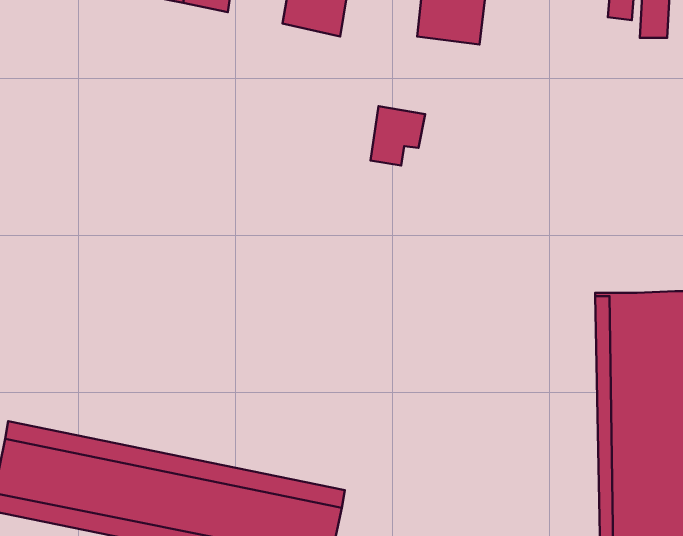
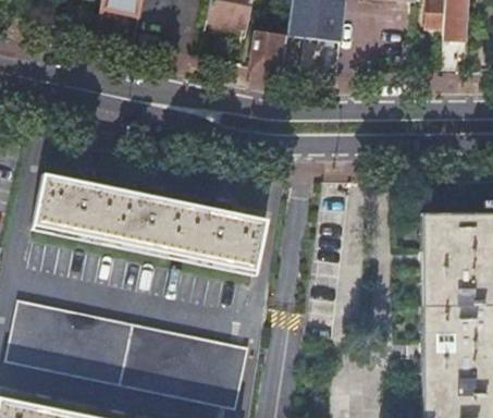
building: [371,106,425,165] -> [250,30,287,71]
building: none -> [33,173,266,271]

